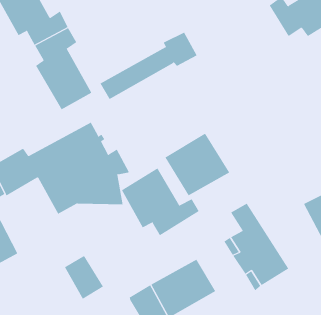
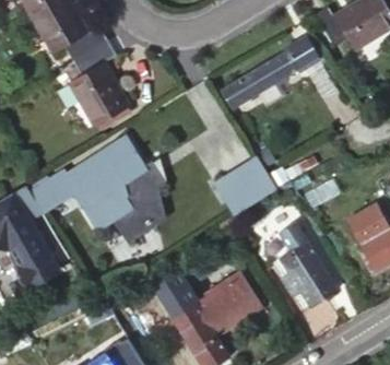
building: [99,32,197,100] -> [220,38,319,107]
building: [121,168,199,236] -> none
building: [64,255,104,299] -> [152,271,192,316]

